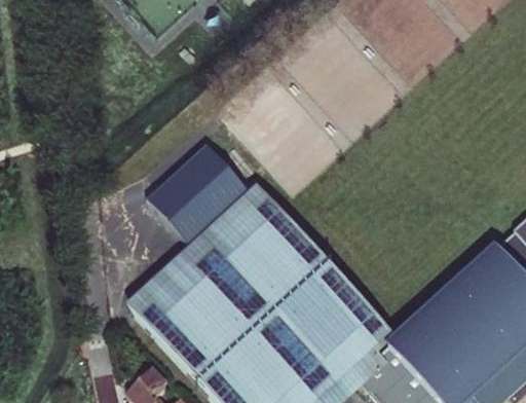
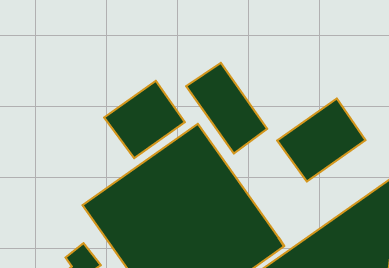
building: none -> [186,63,267,153]
building: none -> [277,98,365,181]

